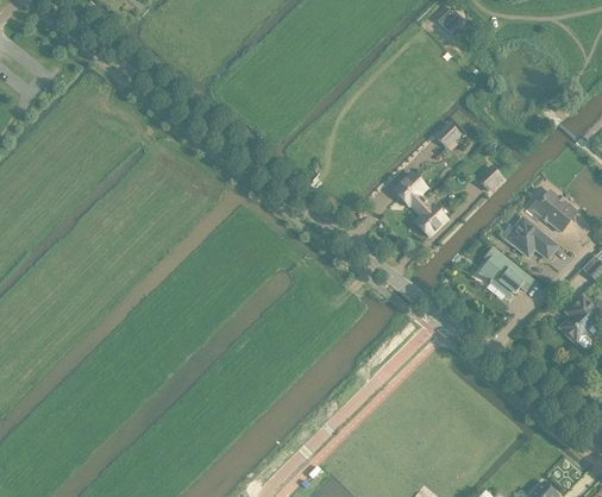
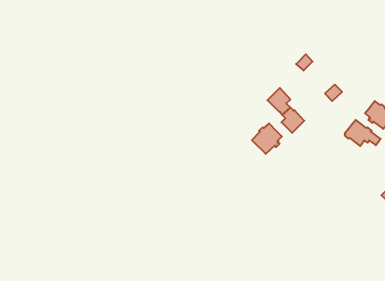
building: none -> [252,123,282,154]
building: [483,247,532,296] -> none

